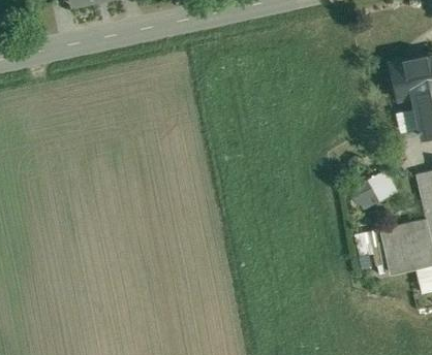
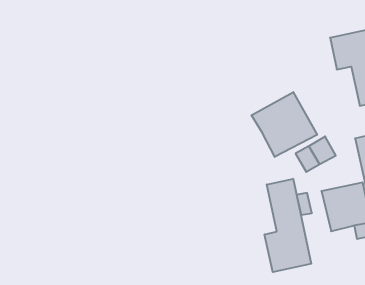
building: none -> [252,92,317,157]
building: none -> [265,179,311,272]

